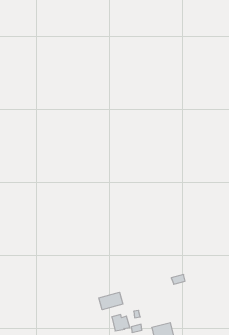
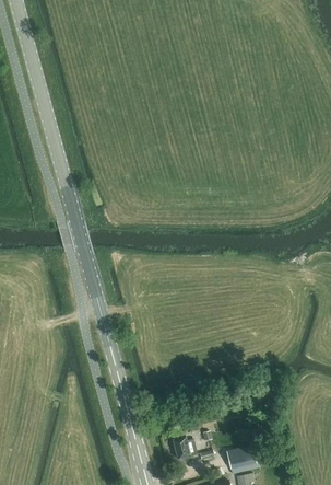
building: [99,292,123,310] -> none

